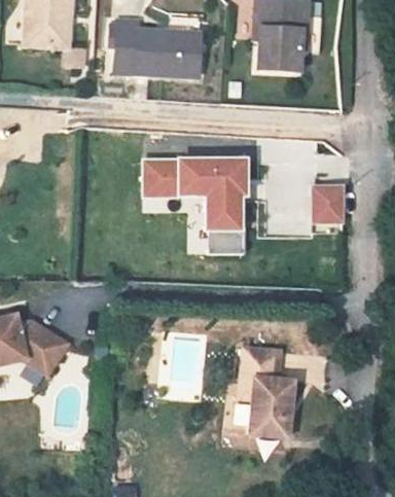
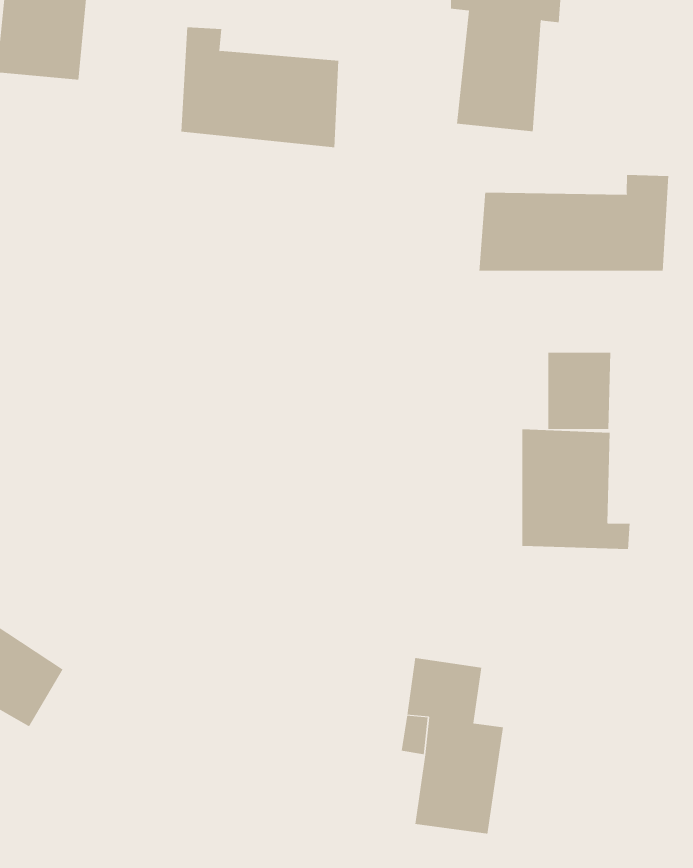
building: none -> [479,174,669,272]
building: [142,158,243,251] -> none
building: none -> [522,428,630,550]

